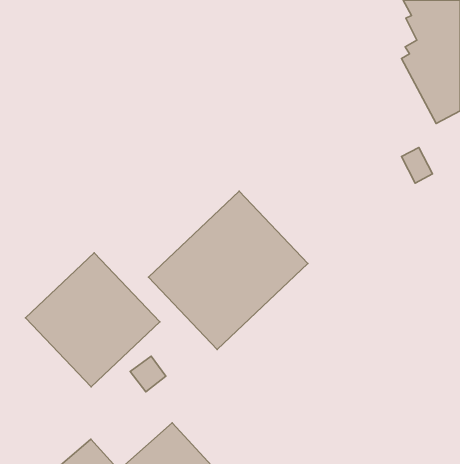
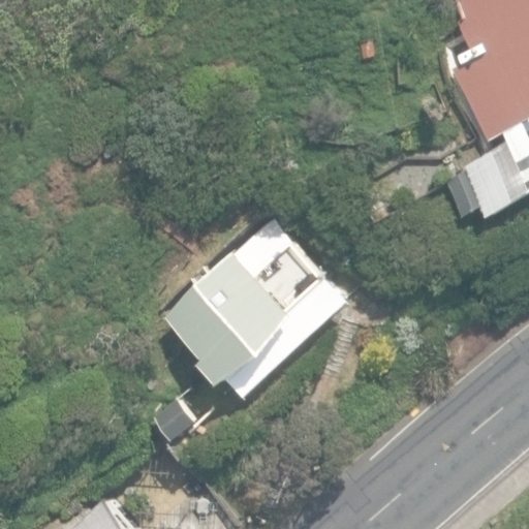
building: [26,253,160,387] -> none

